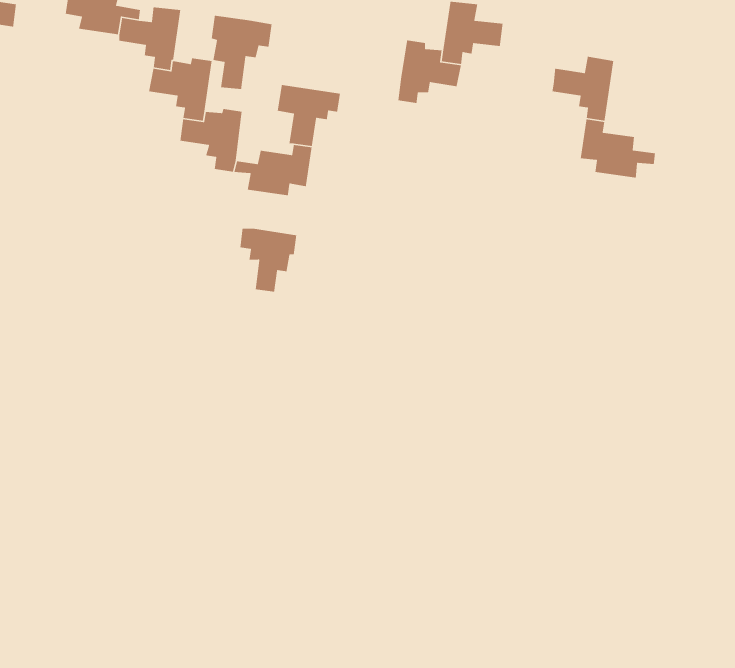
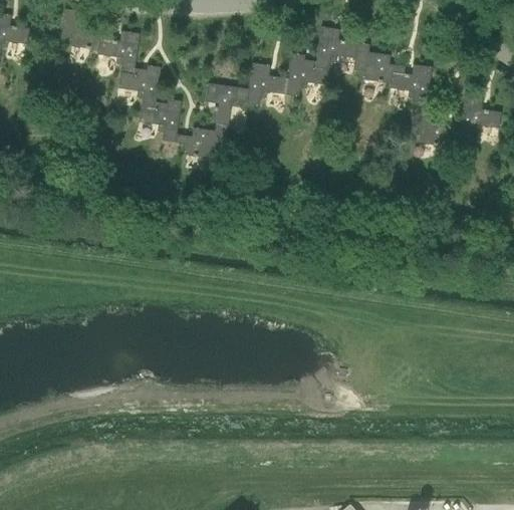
building: [211,15,273,90] -> none
building: none -> [352,41,405,82]
building: none -> [245,61,287,105]
building: none -> [458,95,501,139]
building: [239,228,297,293] -> none

